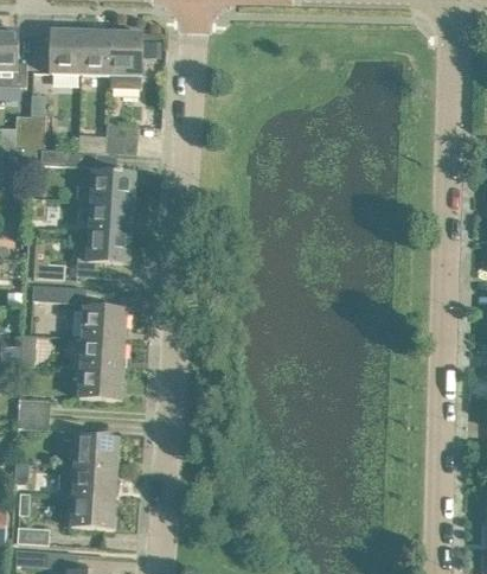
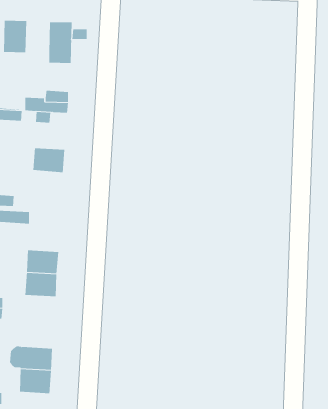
building: [81,31,111,74] -> none
building: [76,170,135,203] -> none
building: [76,230,130,276] -> none
building: [82,306,126,339] -> none
building: [63,428,118,468] -> none

